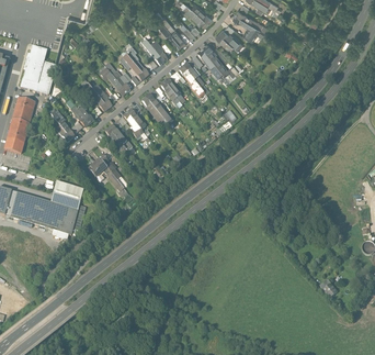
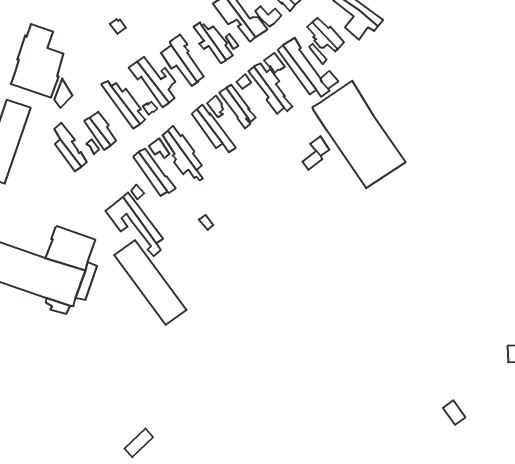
building: none -> [313,81,406,188]
building: none -> [114,240,187,325]

